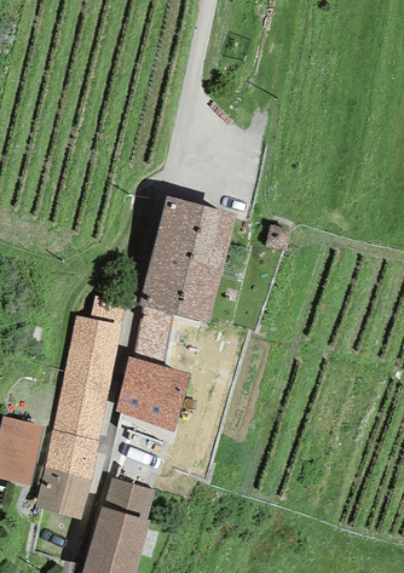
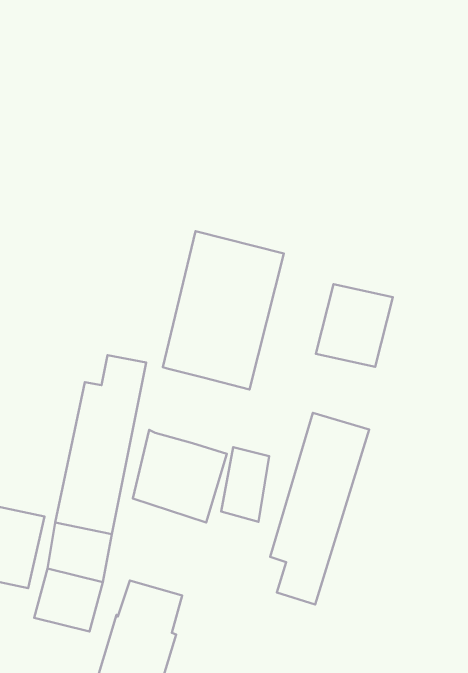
building: none -> [316,284,393,367]
building: [133,306,172,367] -> [221,447,269,522]
building: none -> [270,413,369,605]

